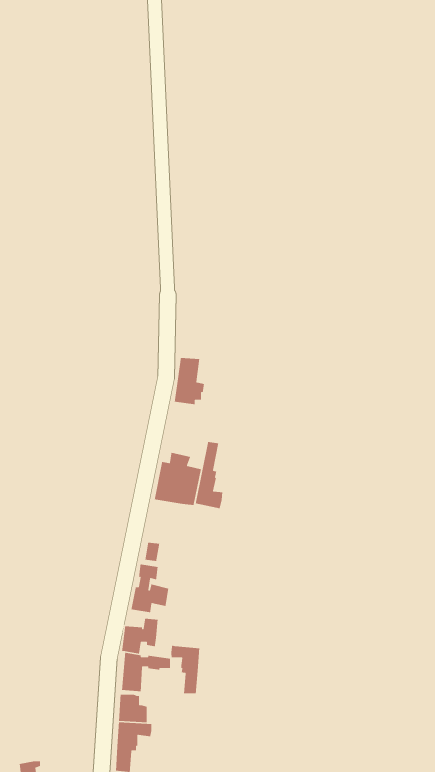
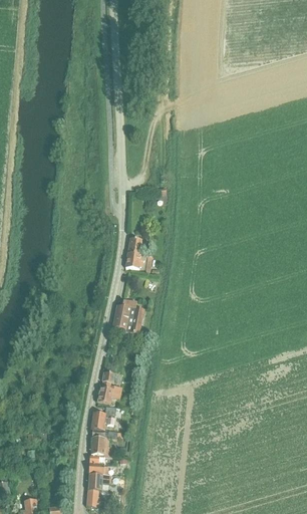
building: [195,441,223,510] -> none
building: [170,645,200,694] -> none

